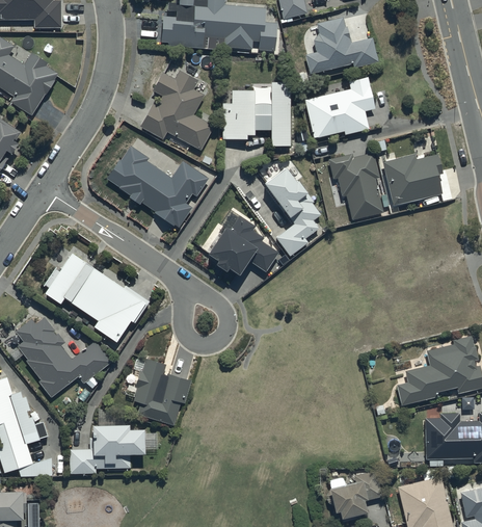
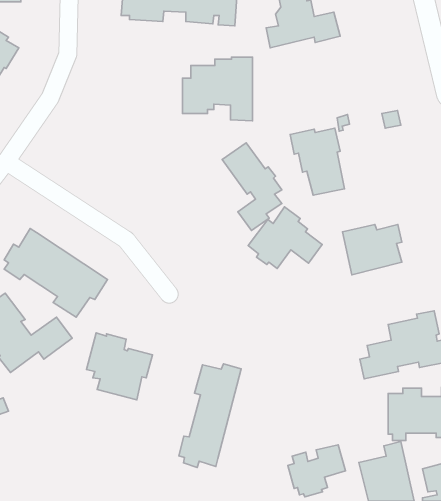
building: [138,70,215,151] -> none
building: [304,77,375,138] -> none
building: [106,146,208,229] -> none
building: [383,155,443,205] -> [342,225,402,275]
building: [204,216,277,278] -> [248,207,322,269]
building: none -> [179,364,241,468]
building: [69,424,141,473] -> none

